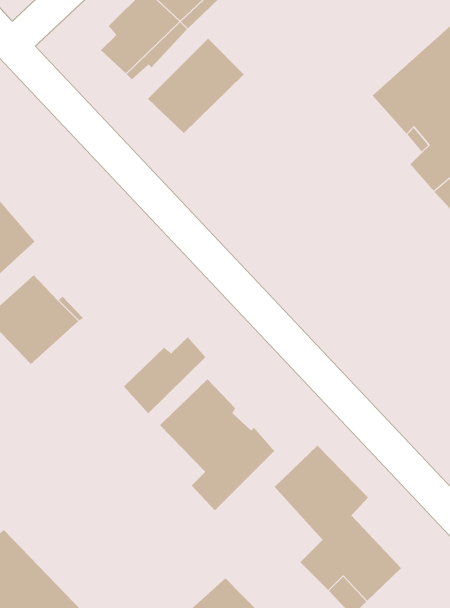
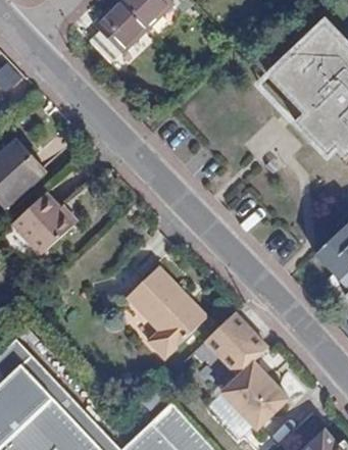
building: [147,38,245,134] -> none
building: [123,337,206,414] -> none

